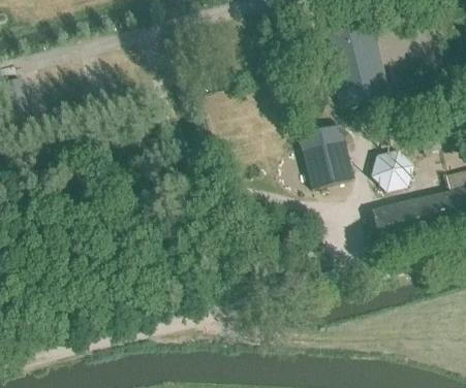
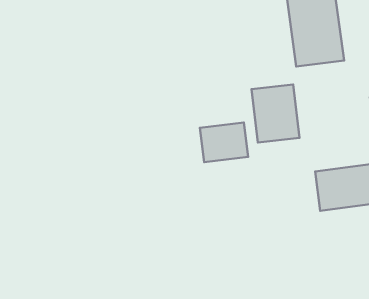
building: [371,144,413,188] -> none
building: none -> [200,122,248,162]

